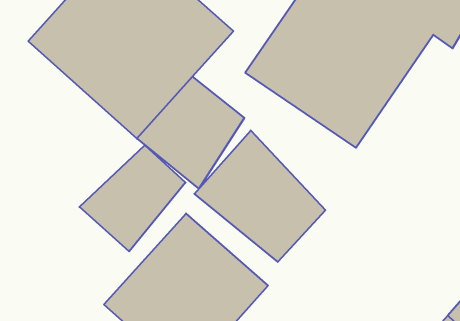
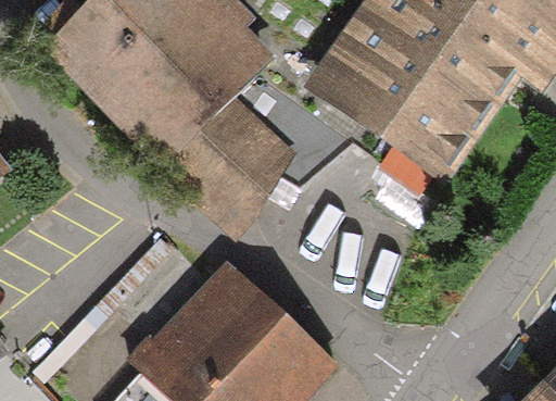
building: [194,130,325,262] -> none
building: [79,145,186,251] -> none

